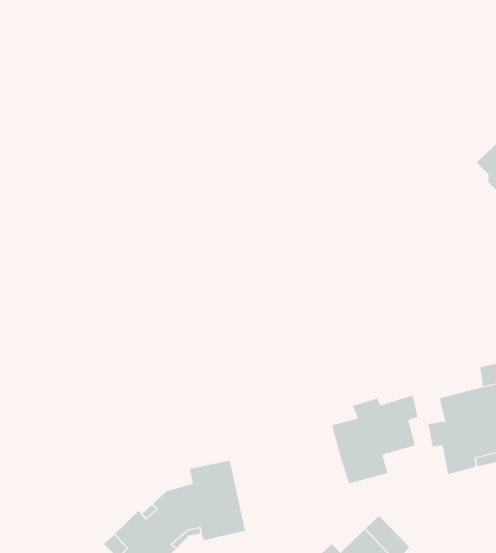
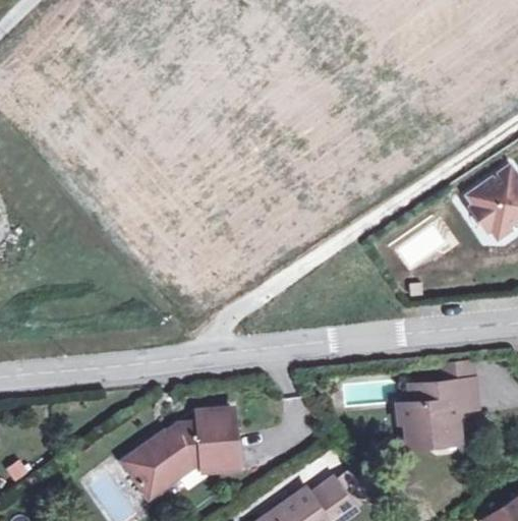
building: [332,395,418,484] -> none

